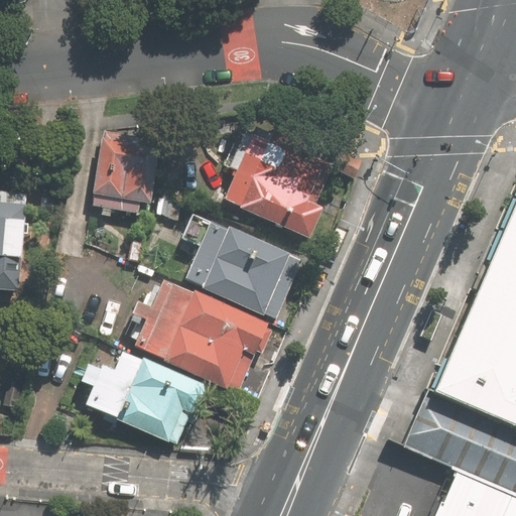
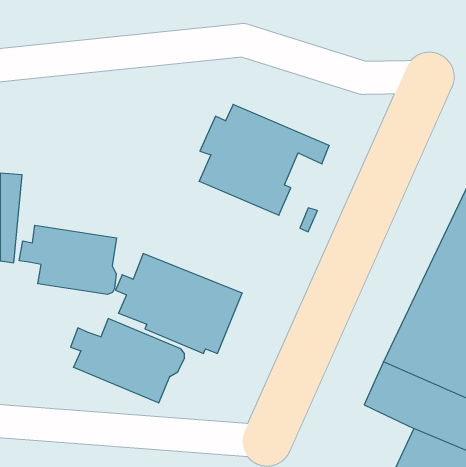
building: [90,129,161,214] -> none
building: [185,221,301,319] -> none
building: none -> [19,225,117,294]

